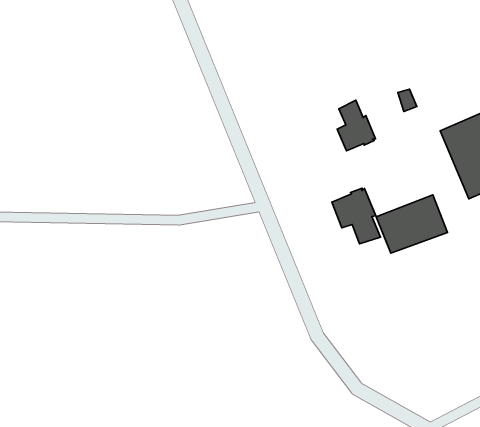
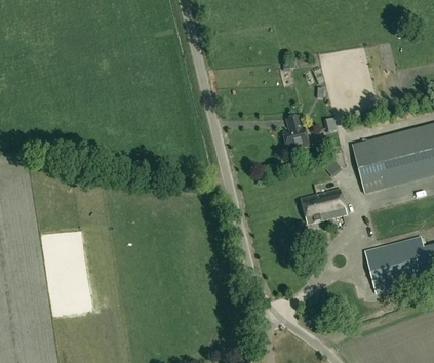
building: [332,188,380,244] -> none

